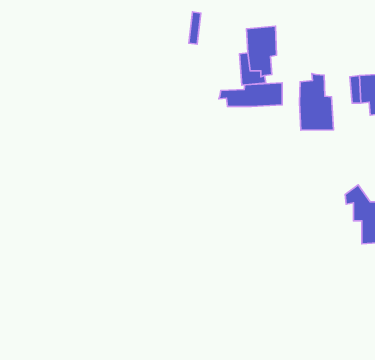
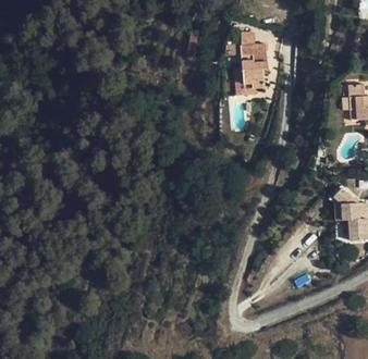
building: [300,74,333,130] -> none
building: [219,83,282,106] -> none

